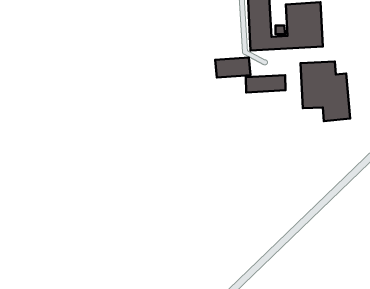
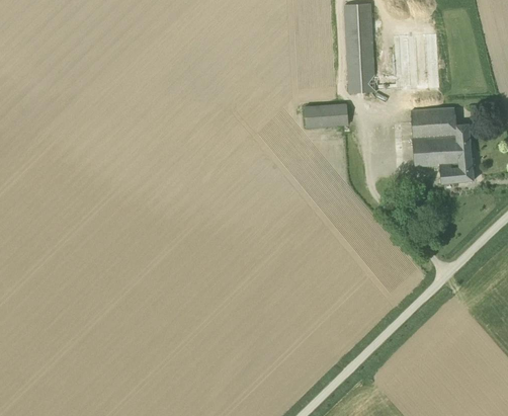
building: [246,75,286,92] -> none

